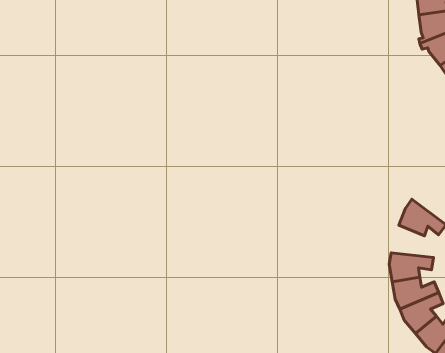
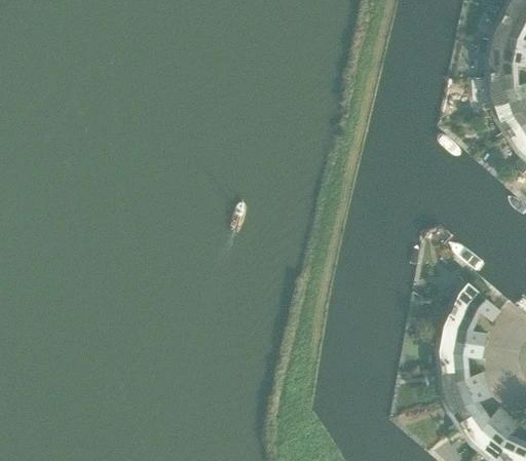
building: none -> [447,299,495,337]

